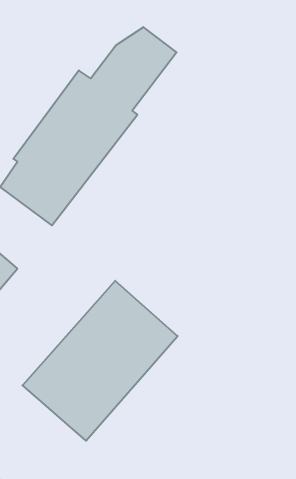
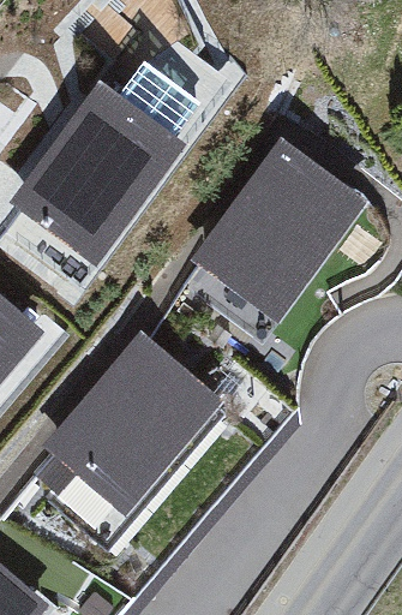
building: none -> [188,145,354,328]

